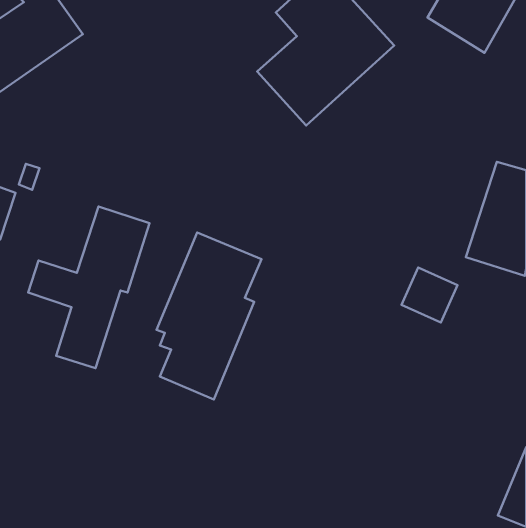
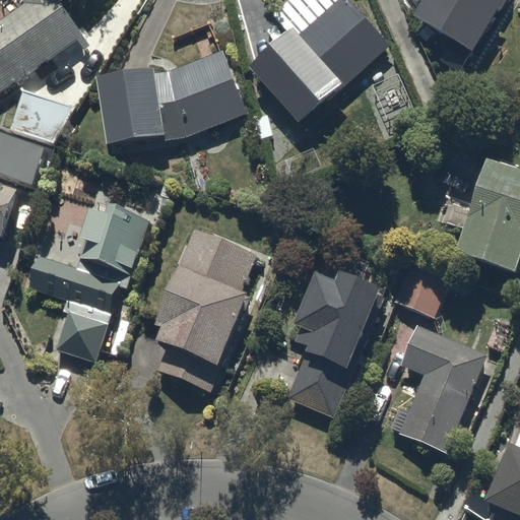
building: none -> [98,49,244,142]
building: none -> [9,88,73,141]
building: none -> [285,270,381,416]
building: none -> [398,325,485,452]

